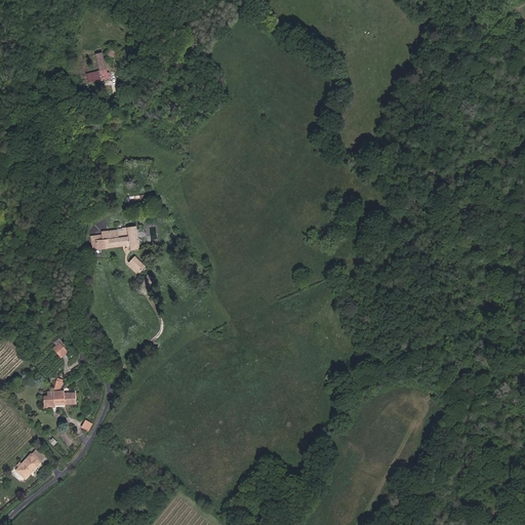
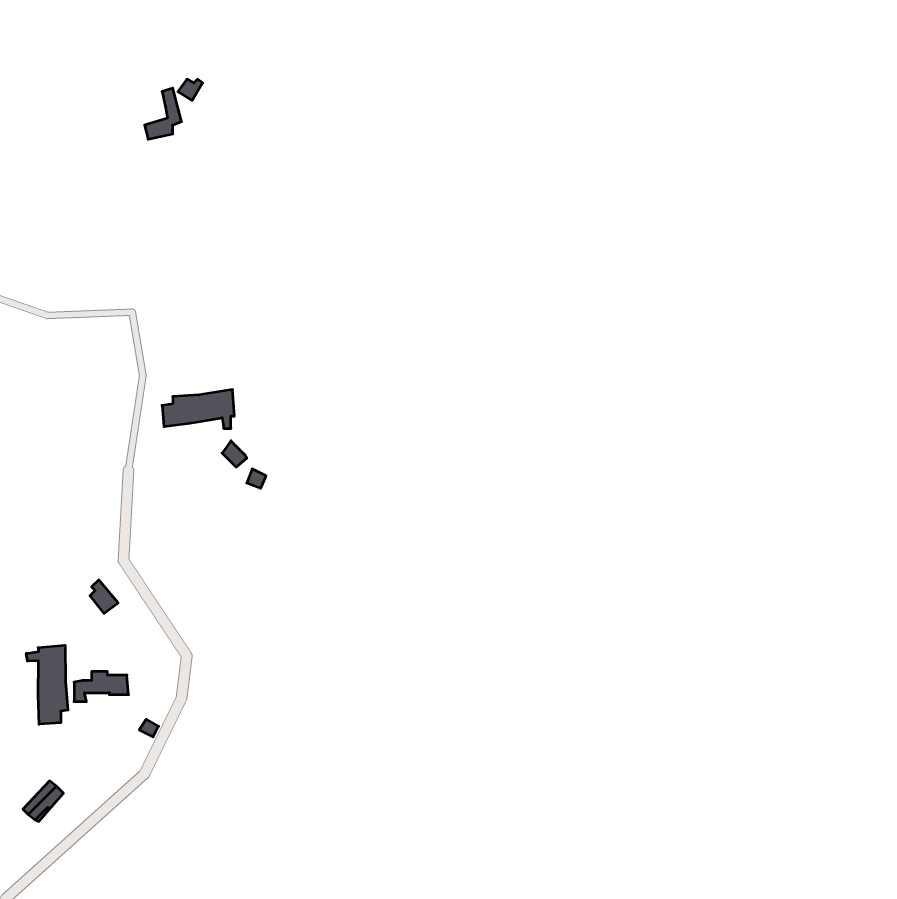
building: none -> [26,645,68,724]

